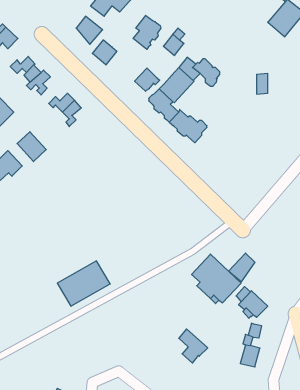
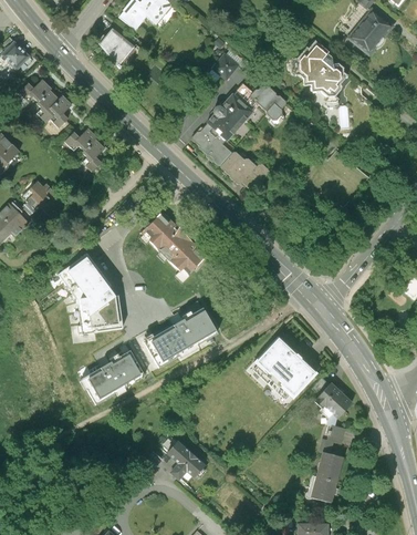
building: [133,15,161,49] -> none
building: none -> [295,39,351,95]
building: [92,40,117,65] -> none
building: [135,68,160,91] -> none
building: none -> [145,209,210,275]
building: none -> [58,255,119,333]
building: none -> [143,302,216,366]
building: [229,253,255,282] -> none
building: [179,329,208,363] -> [165,441,202,485]
building: none -> [309,476,336,503]

